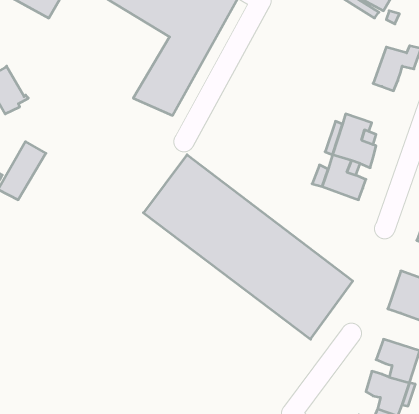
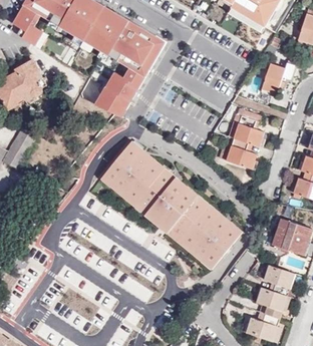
building: none -> [8,60,46,98]

